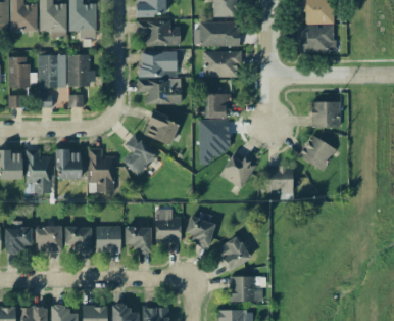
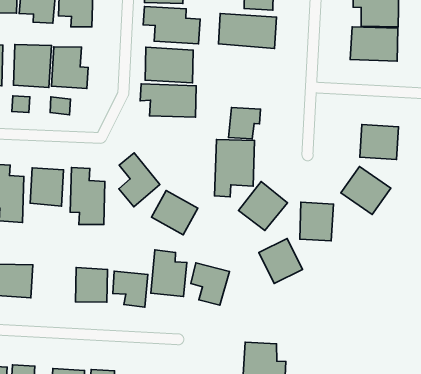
building: [203,51,241,77] -> none
building: [145,111,181,145] -> [151,190,198,235]
building: [65,227,92,254] -> none
building: [216,235,251,271] -> [259,238,302,284]

